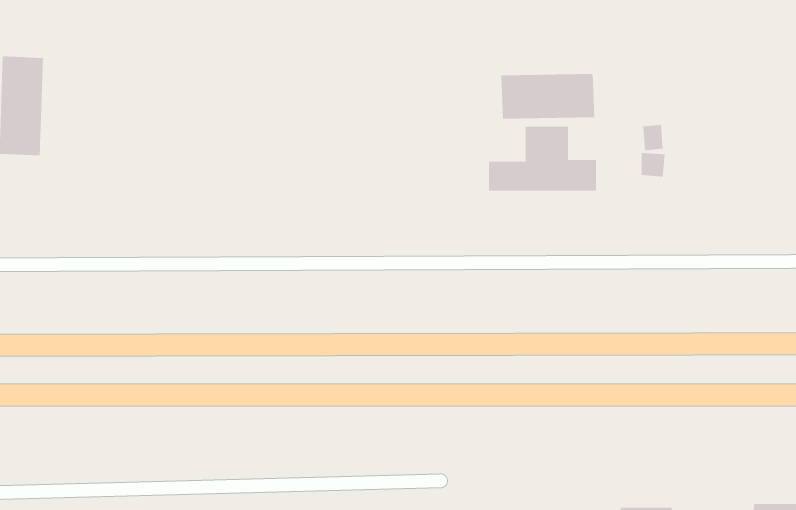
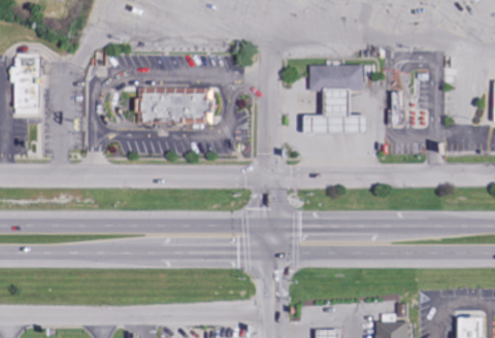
building: none -> [139,84,211,126]

